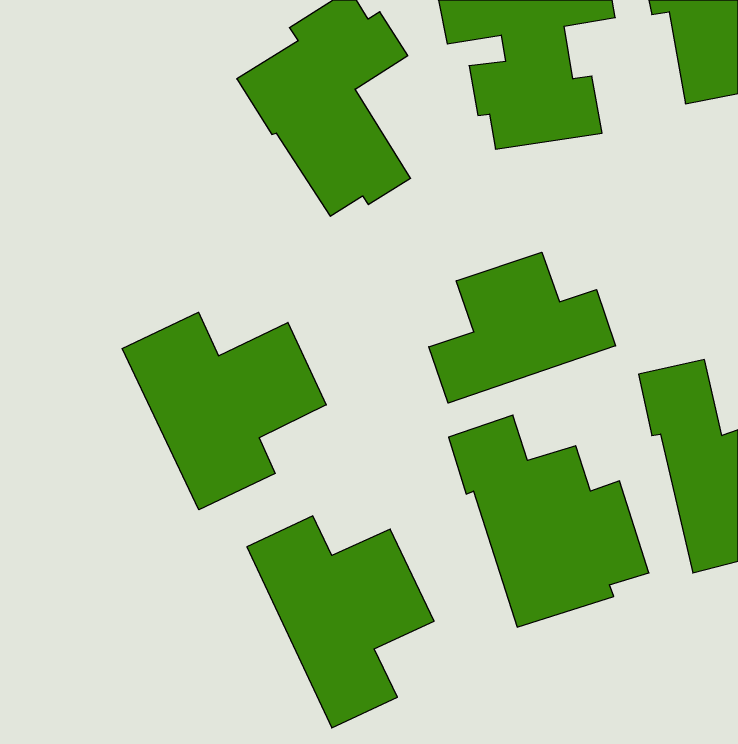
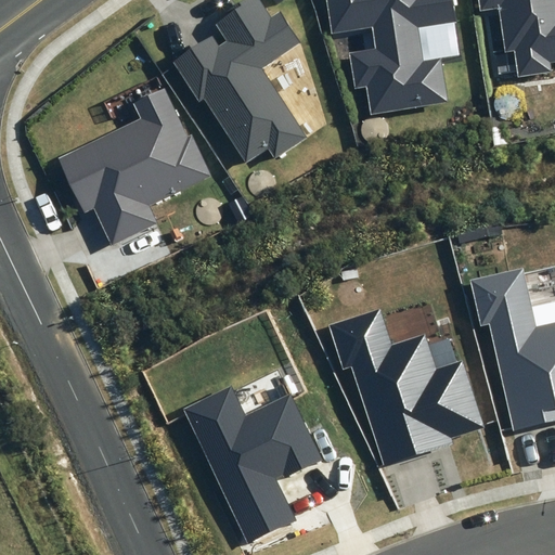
building: none -> [59,87,212,244]
building: [429,252,616,403] -> none
building: [122,312,326,510] -> none

